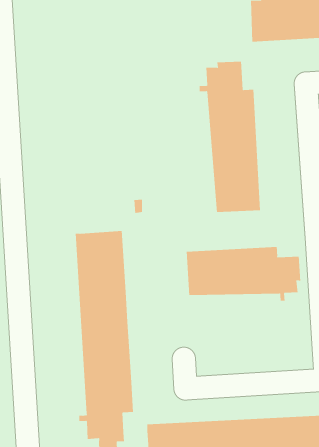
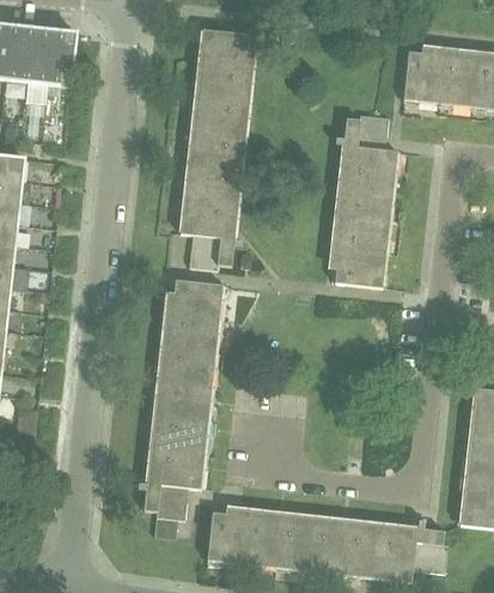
building: none -> [178,27,254,269]
building: [186,246,301,302] -> none

